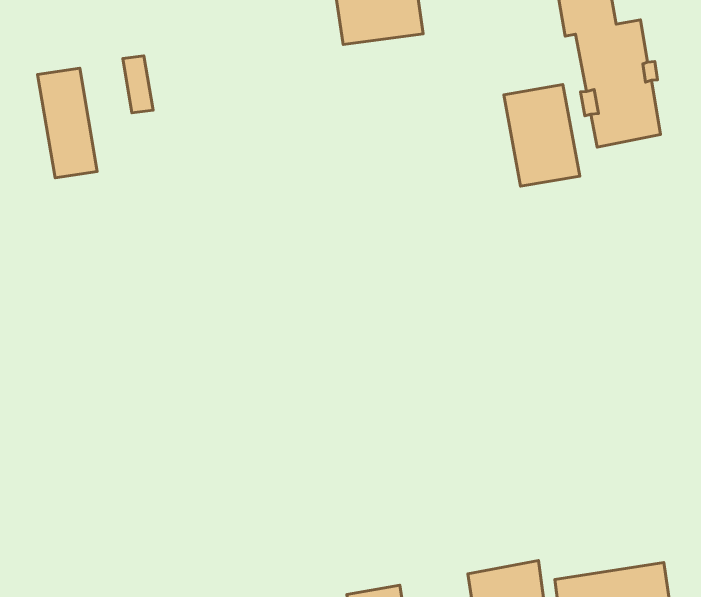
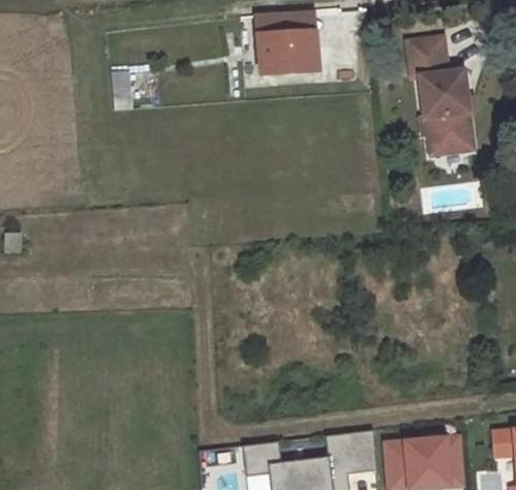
building: [38,68,97,178] -> none
building: [504,85,580,186] -> none

